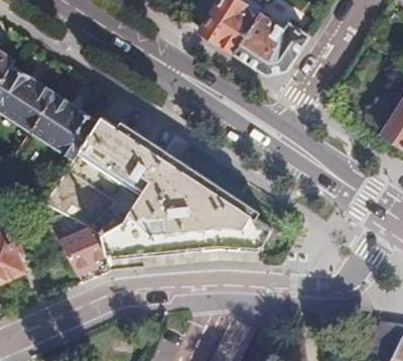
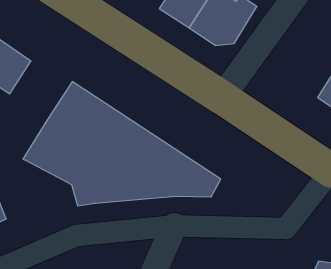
building: [28,91,97,157] -> none
building: [55,221,106,272] -> none

